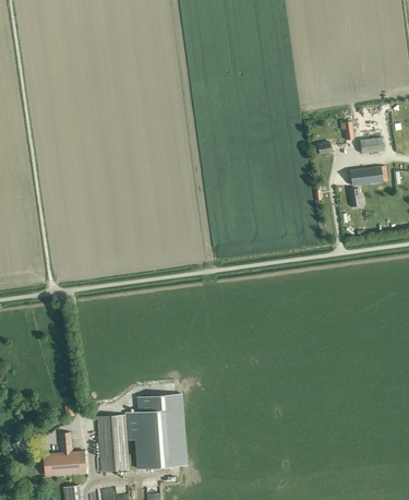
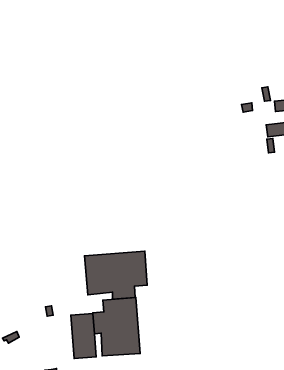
building: none -> [85,251,147,299]
building: [44,432,86,475] -> none

